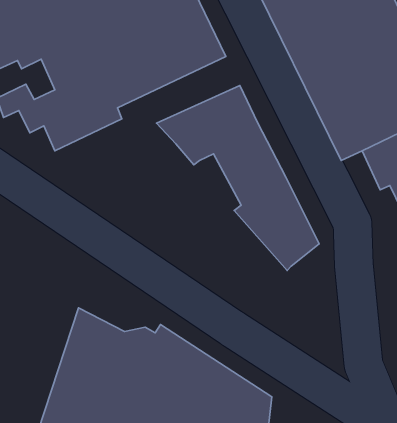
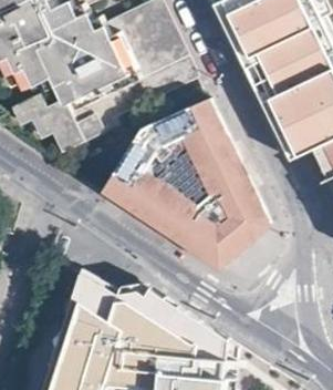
building: none -> [101,129,244,269]

